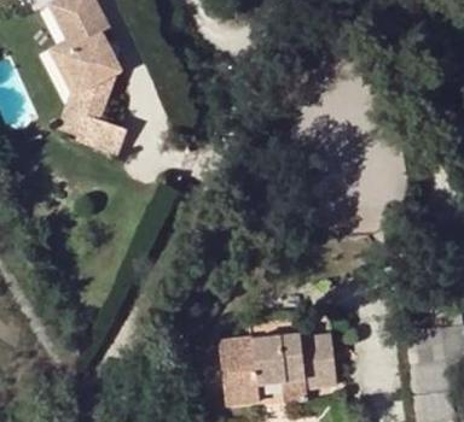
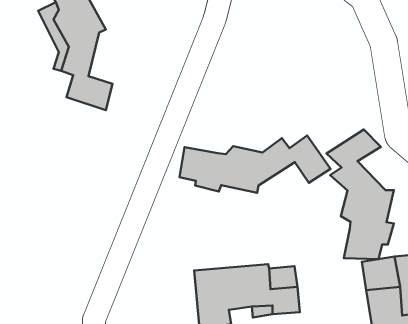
building: none -> [326,130,394,259]
building: none -> [180,136,331,193]

